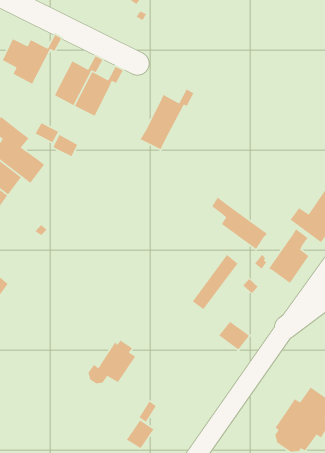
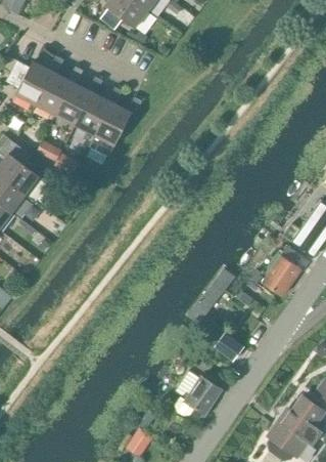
building: none -> [35,67,83,116]
building: [139,89,195,150] -> [89,97,142,157]
building: [211,196,268,249] -> none
building: [87,340,136,384] -> [175,373,222,416]

